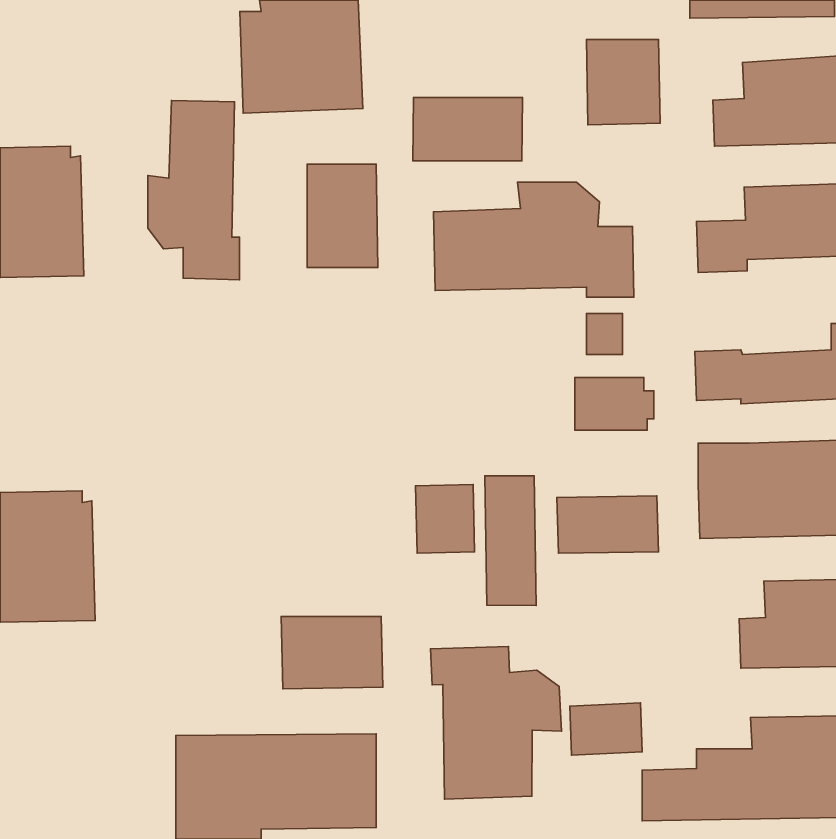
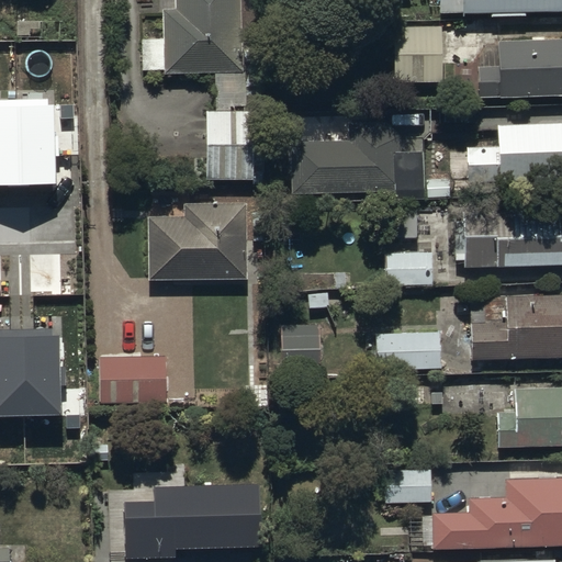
building: [413,98,522,161] -> none
building: [148,100,240,280] -> none
building: none -> [148,202,248,280]
building: [485,476,536,605] -> none
building: [281,617,383,689] -> [98,357,166,405]
building: [430,646,561,799] -> none

